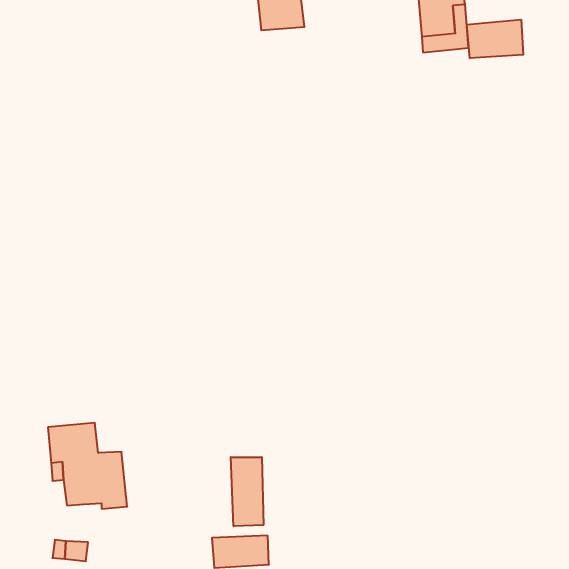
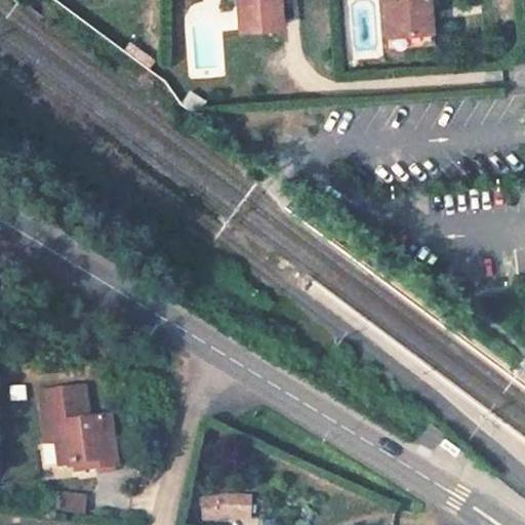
building: [467,20,523,58] -> none
building: [231,457,263,526] -> none

